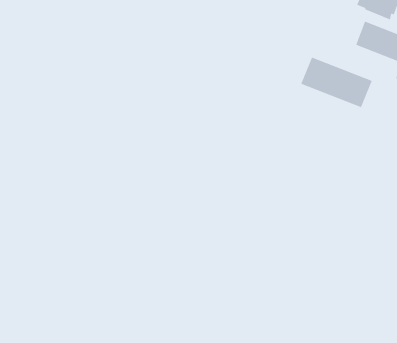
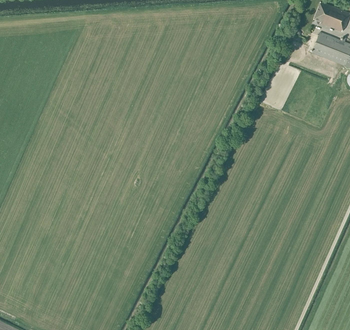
building: [300,56,373,108] -> none

